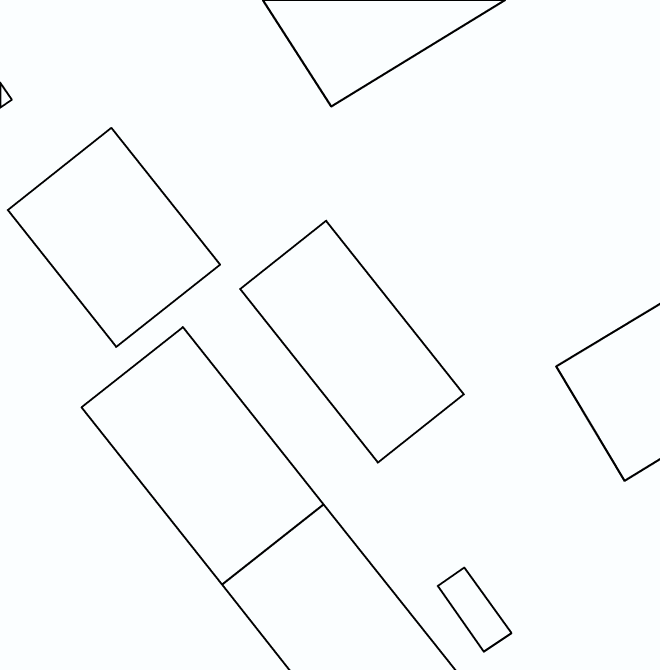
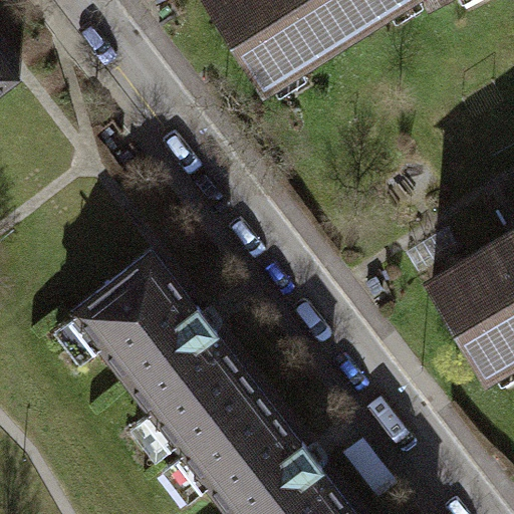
building: [8,128,220,347] -> none
building: [240,221,464,463] -> none

